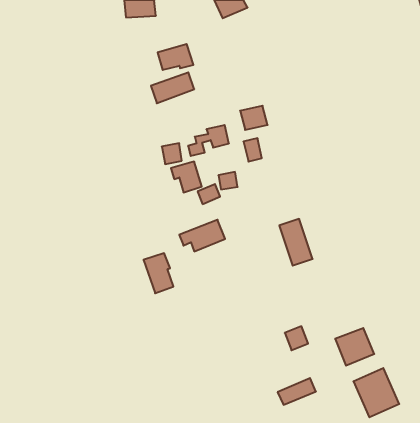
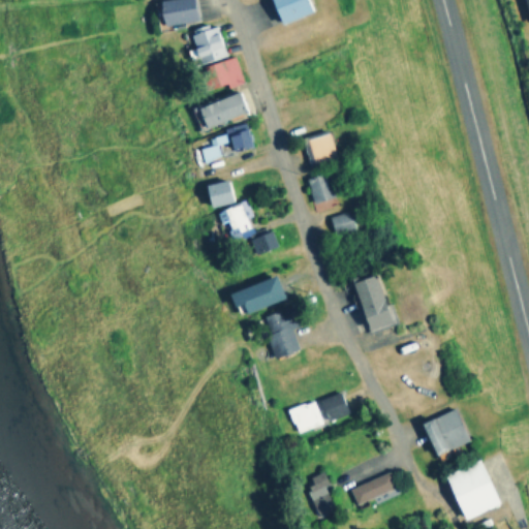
building: none -> [194,25,227,64]
building: [188,125,229,156] -> [204,124,254,162]
building: [218,172,238,189] -> [333,212,356,234]
building: [143,253,173,293] -> [263,309,301,359]
building: none -> [289,400,326,435]
building: [285,326,308,350] -> [322,393,351,423]
building: none -> [310,472,336,517]

